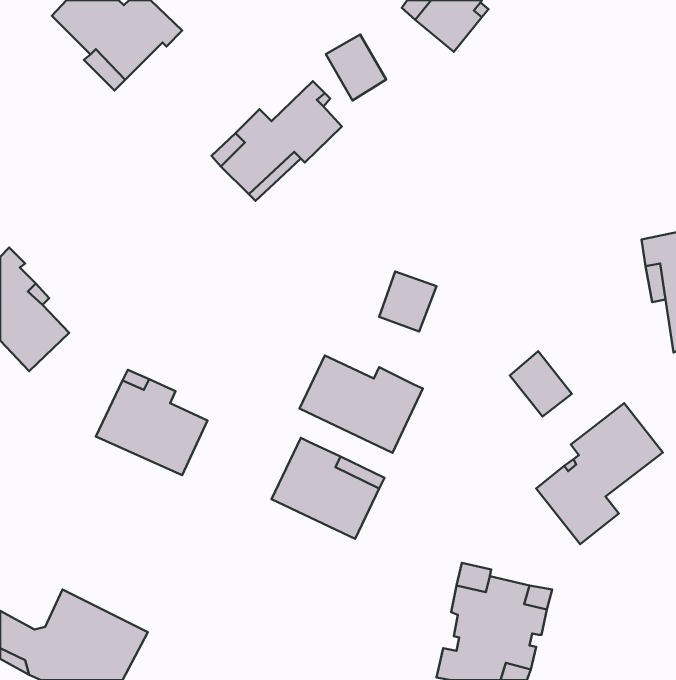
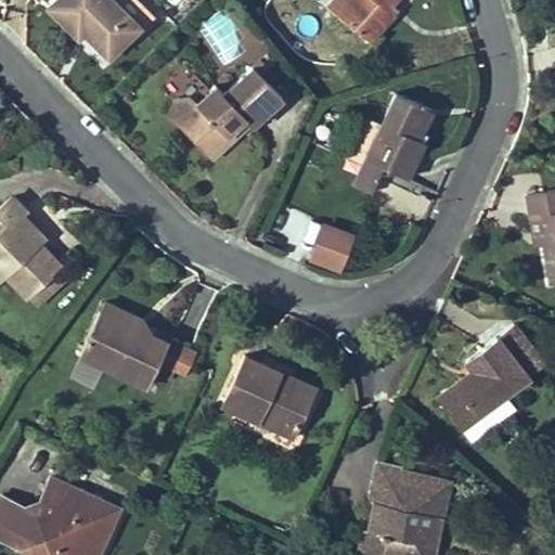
building: [326,35,386,100] -> none
building: none -> [350,96,434,196]
building: [510,351,572,417] -> none
building: [300,356,423,453] -> none

